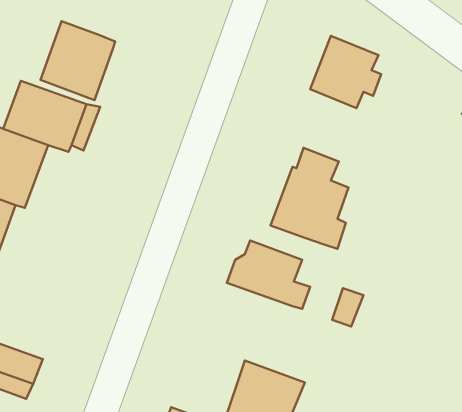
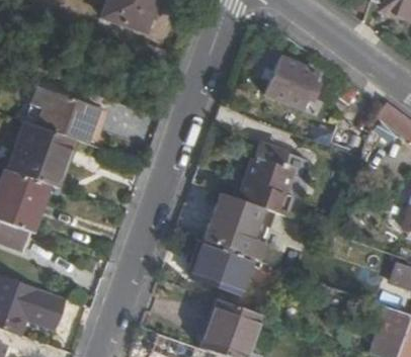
building: [41,21,115,100] -> none
building: none -> [210,193,276,245]
building: none -> [191,242,252,295]

